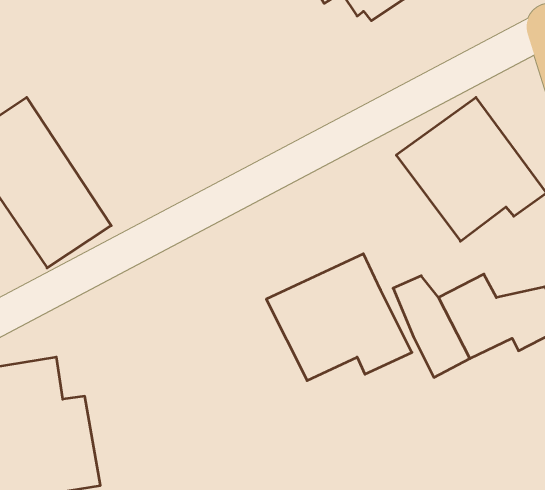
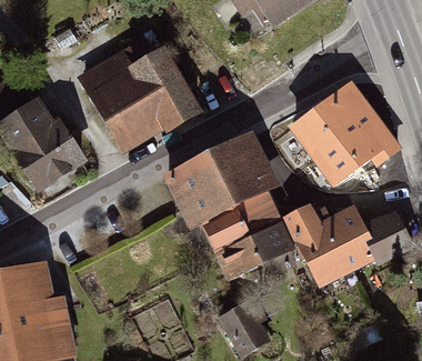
building: none -> [80,43,204,162]
building: none -> [162,131,272,228]
building: none -> [219,291,269,352]

